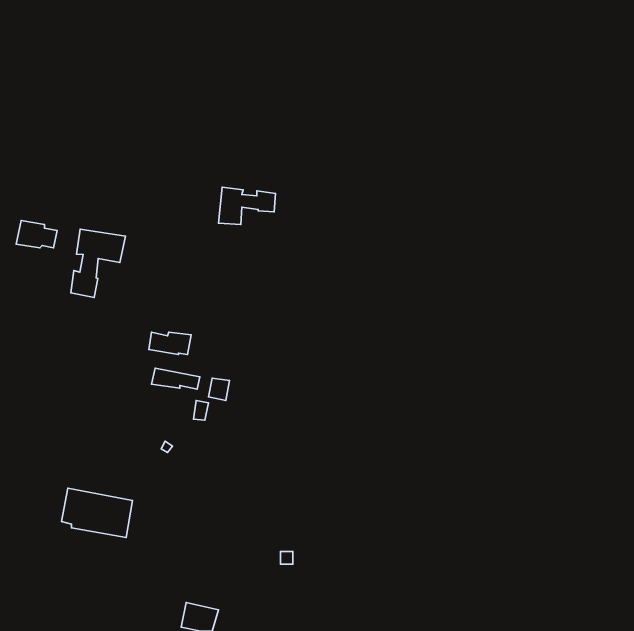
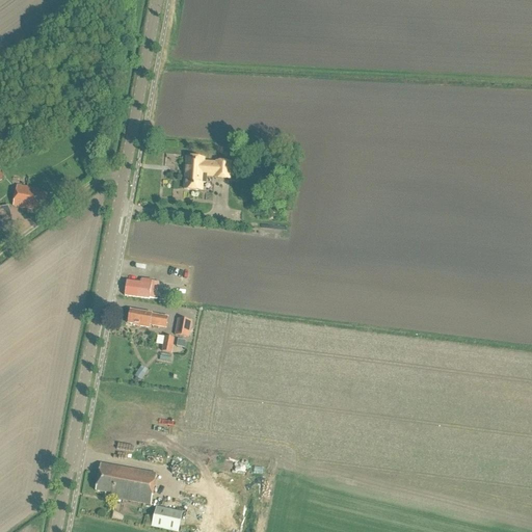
building: [71,229,125,297] -> none
building: [62,488,132,538] -> [97,461,156,503]

